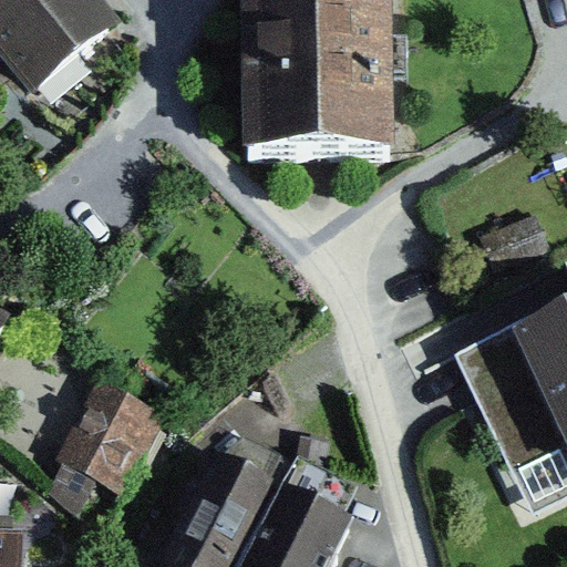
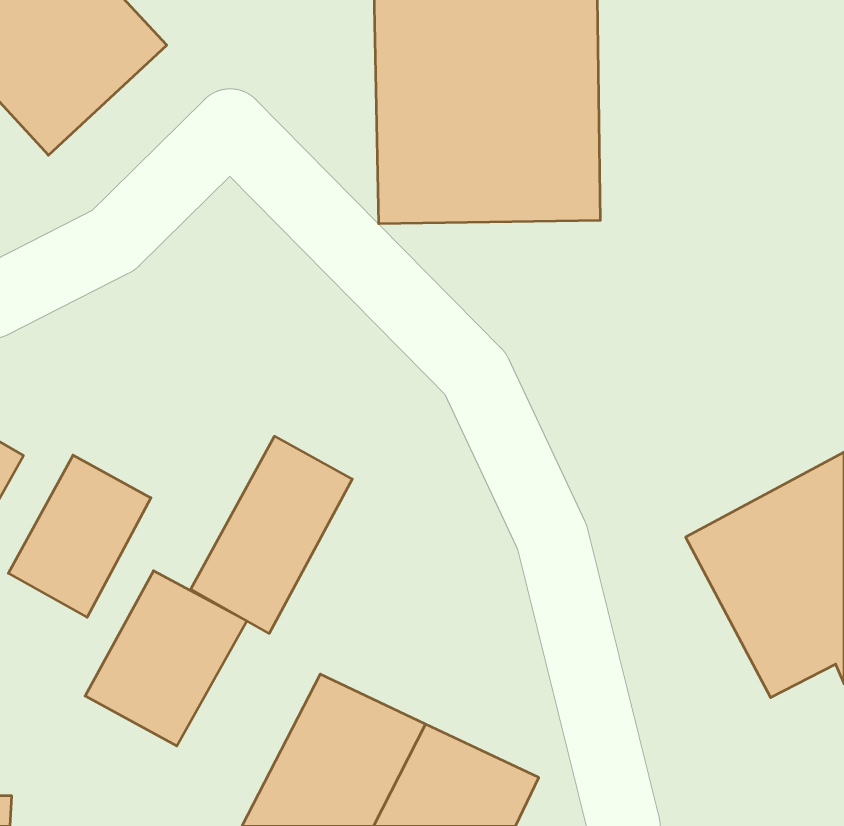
building: none -> [191,436,352,633]
building: none -> [8,455,151,617]

